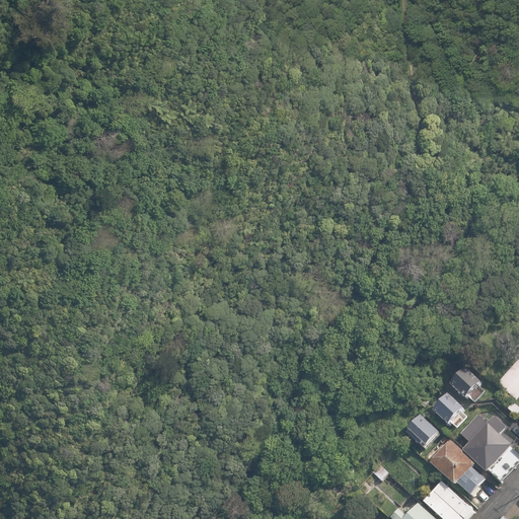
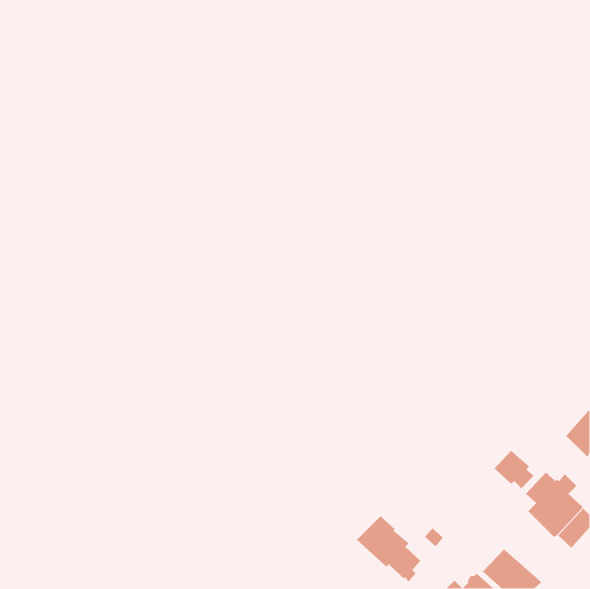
building: [449,367,485,401] -> none
building: [405,415,440,448] -> none
building: [428,438,485,497] -> [356,515,421,583]

